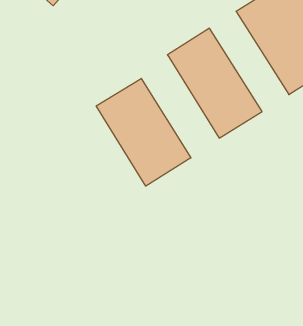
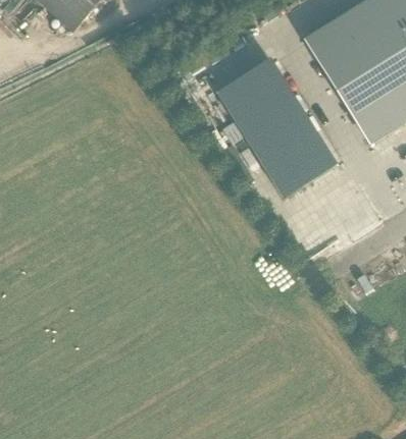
building: [96,78,191,186] -> none

